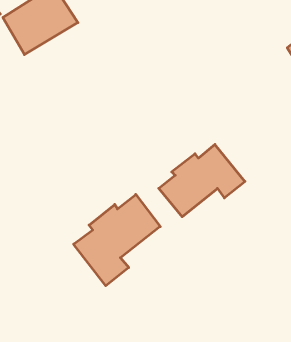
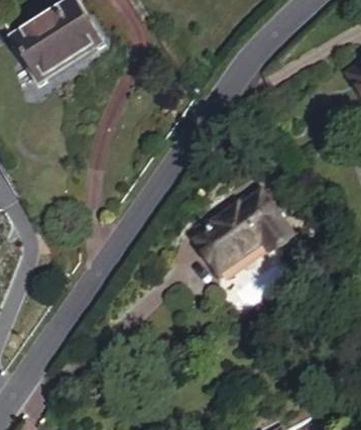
building: [74,194,160,286] -> none

